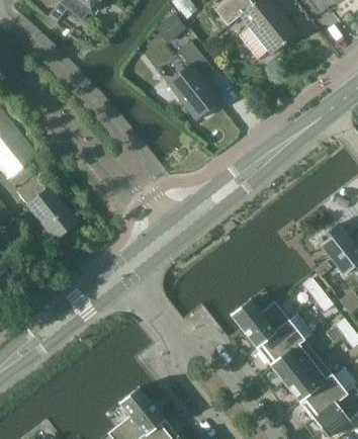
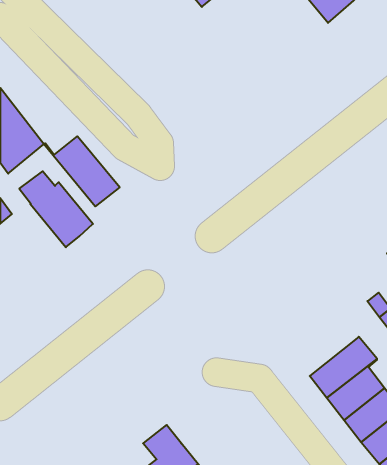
building: [166,40,220,120] -> none
building: none -> [44,136,120,206]
building: [231,298,296,346] -> none

